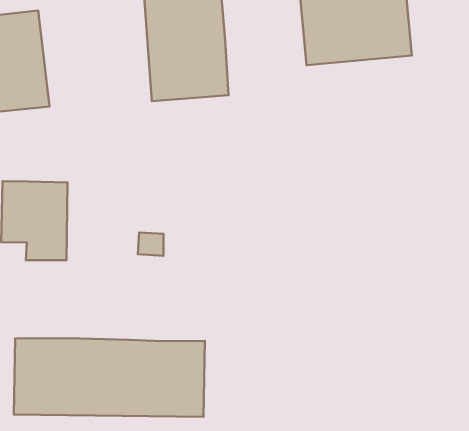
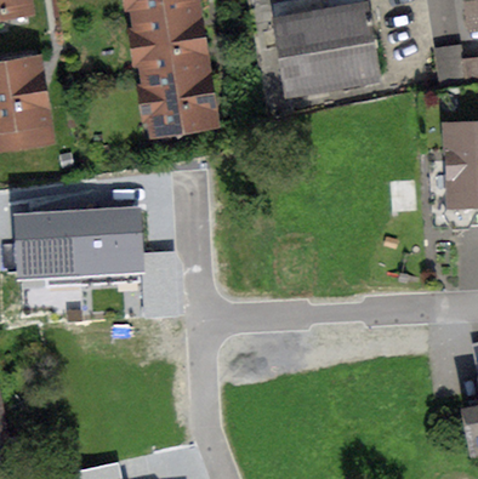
building: none -> [76,205,137,278]
building: [14,338,205,417] -> none

